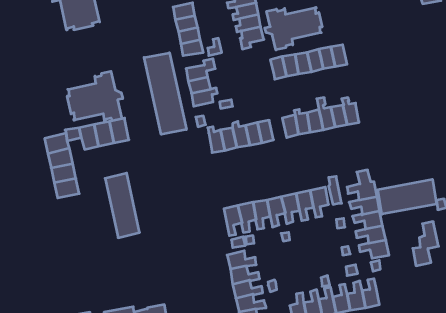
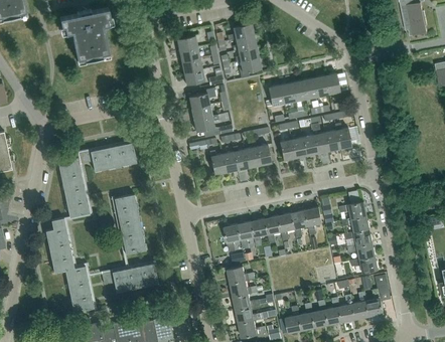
building: [265,7,322,50] -> none
building: [144,53,186,134] -> none
building: [67,71,123,121] -> none
building: [378,179,436,214] -> none
building: none -> [45,218,94,313]
building: [413,222,439,266] -> [366,276,391,317]
building: none -> [102,264,157,292]

